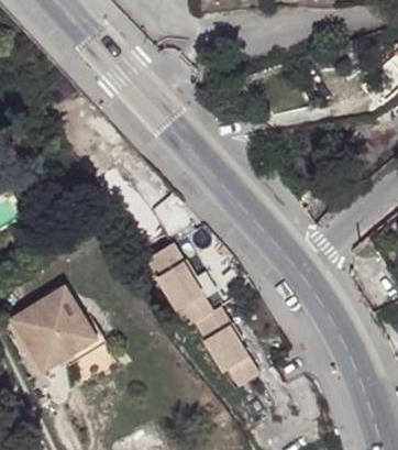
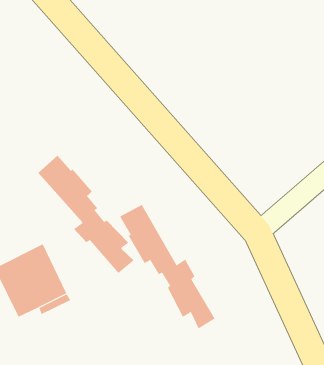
building: none -> [38,155,134,274]

